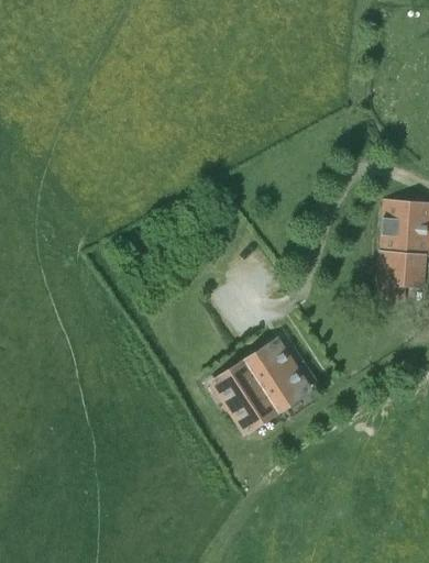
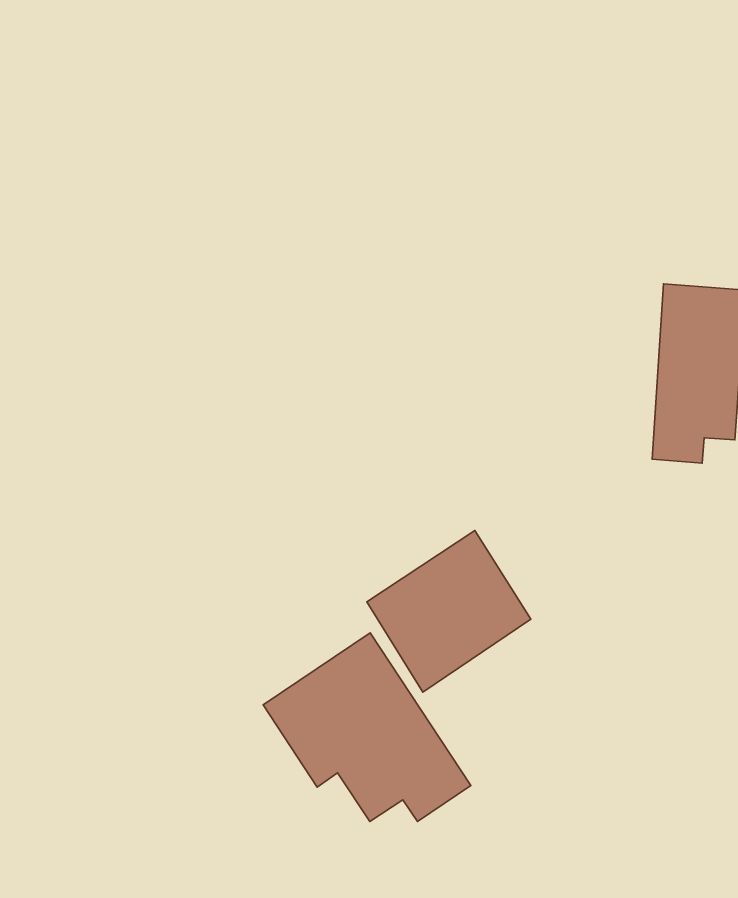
building: none -> [263,633,471,821]

